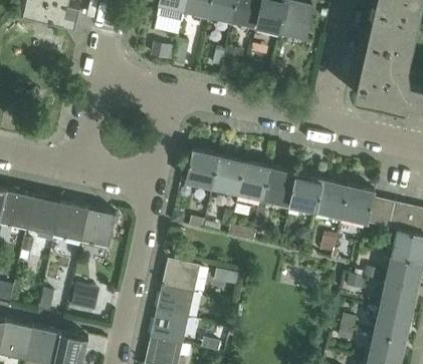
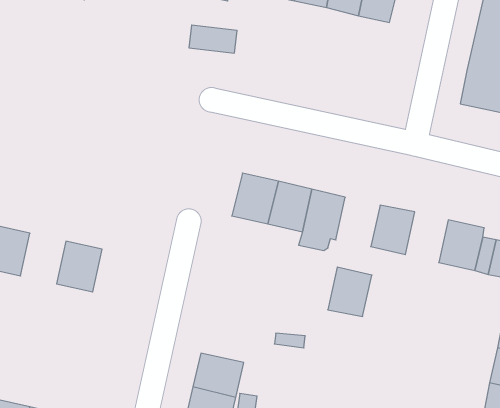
building: [263,169,296,207] -> [328,267,372,316]
building: [315,180,348,219] -> none
building: [26,197,60,243] -> none
building: [80,209,116,248] -> none
building: [162,260,200,294] -> none
building: [70,288,100,318] -> none

